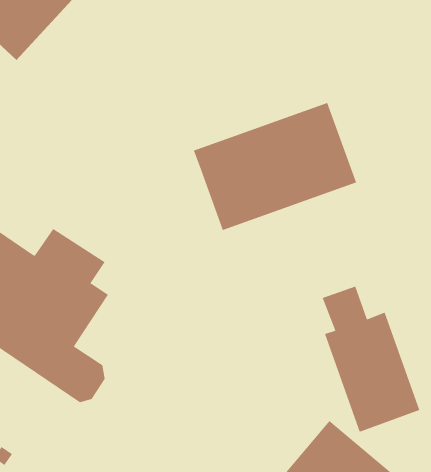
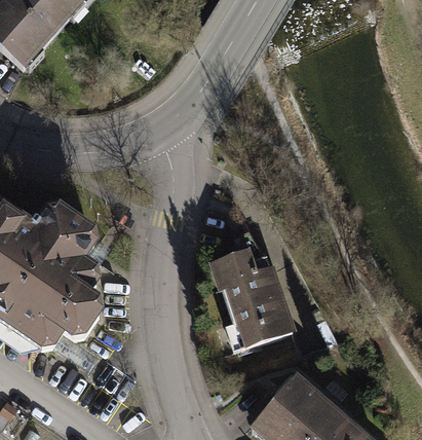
building: [193,102,357,231] -> none
building: [322,286,420,432] -> [212,229,298,358]

